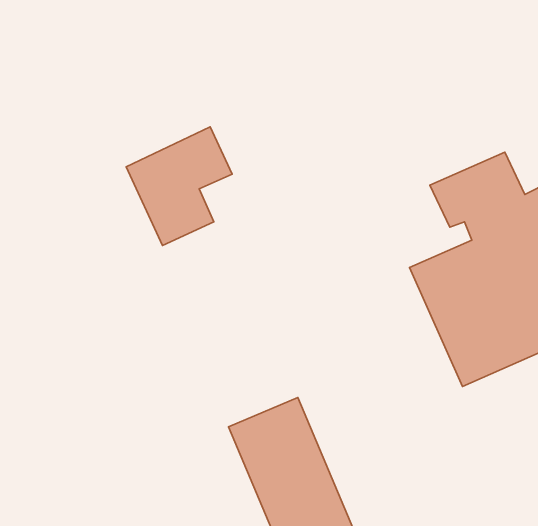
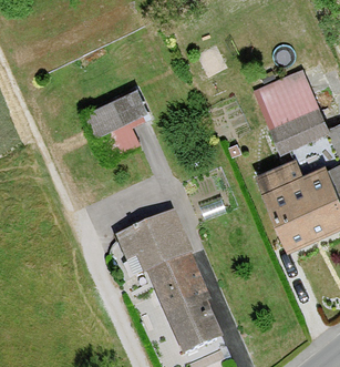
building: none -> [255,71,315,124]
building: none -> [115,213,189,271]

